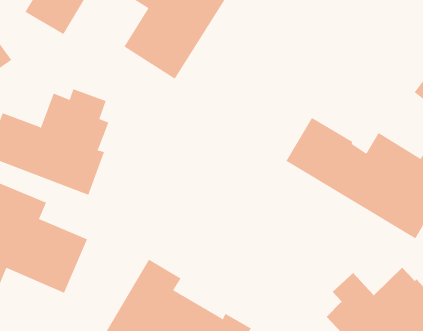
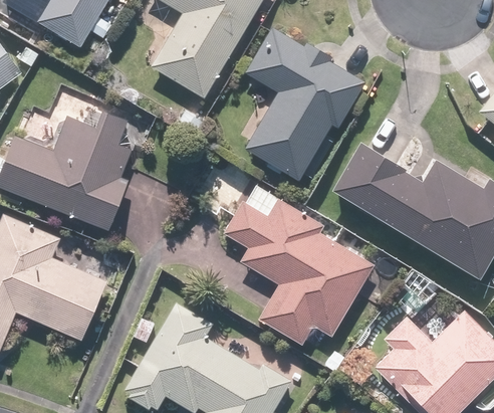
building: none -> [242,27,364,182]
building: none -> [226,184,374,344]

